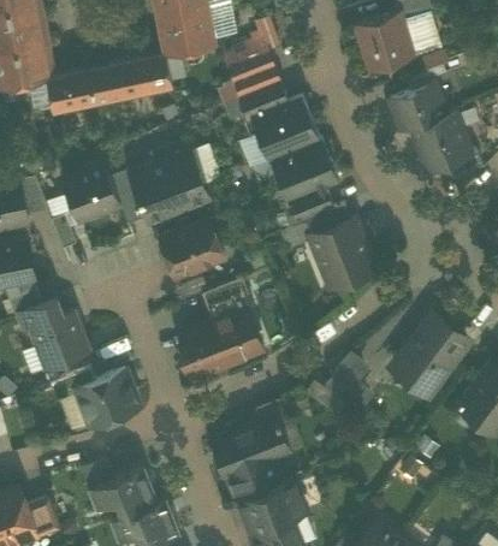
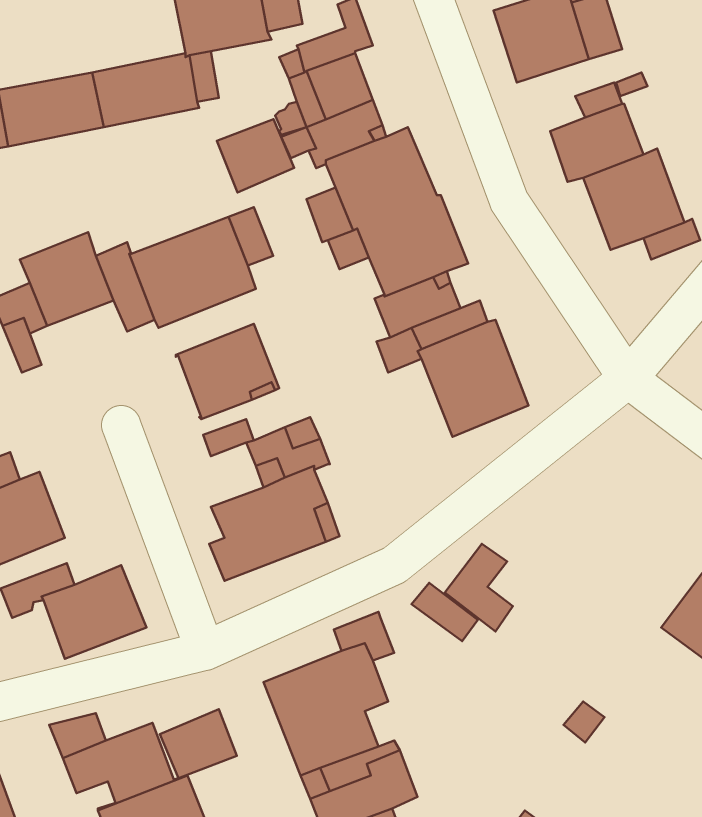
building: none -> [217,119,294,192]
building: [393,317,468,396] -> none
building: none -> [160,709,237,778]

